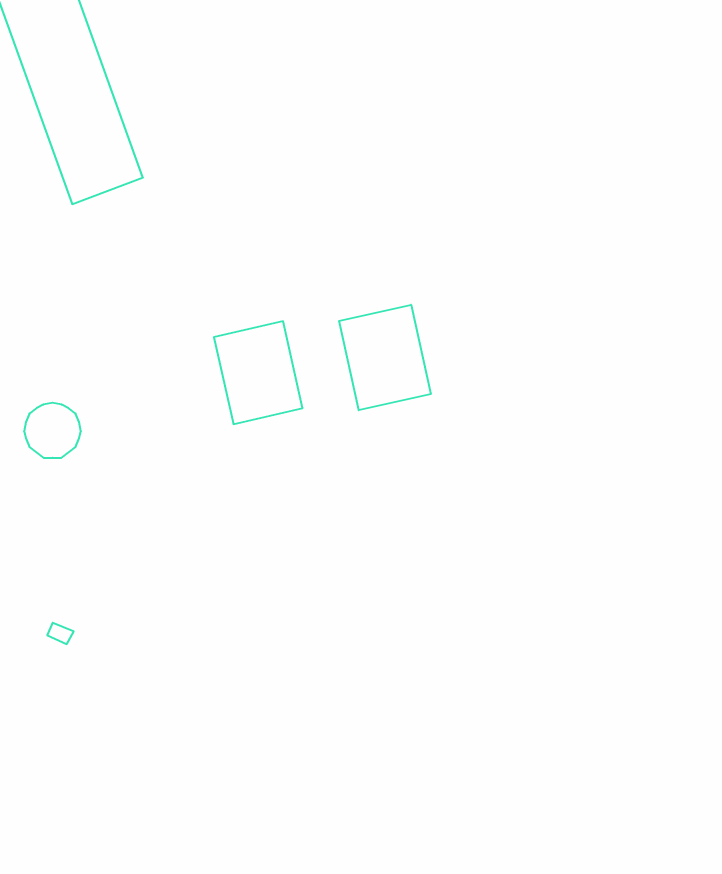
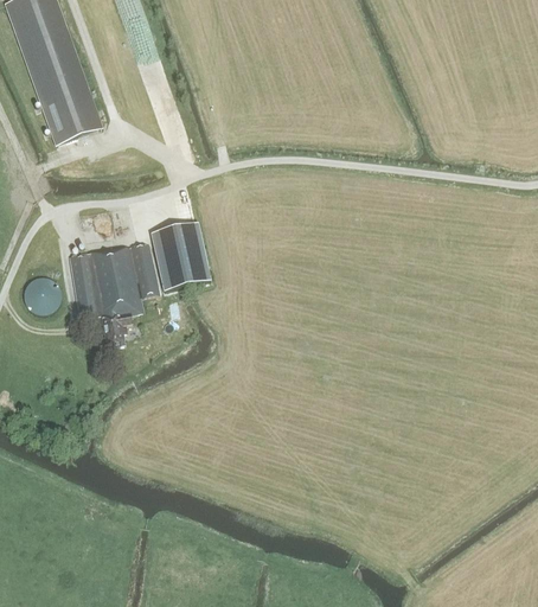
building: [339,305,431,410] -> none
building: none -> [69,242,158,345]

